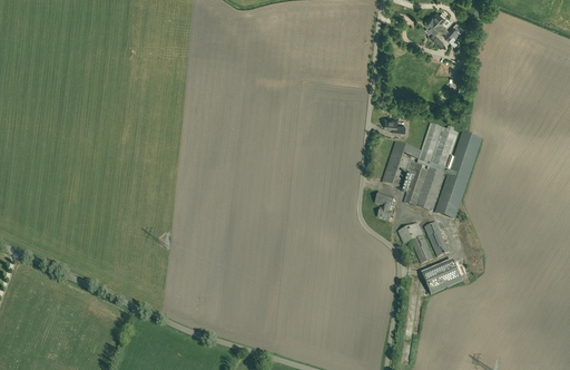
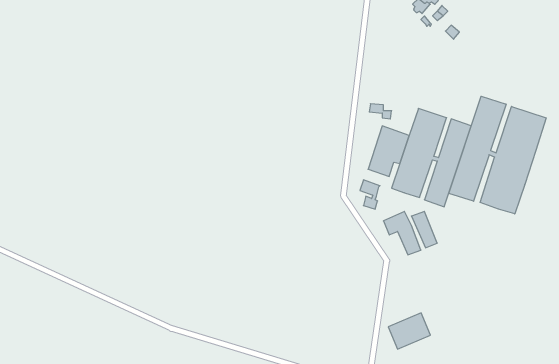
building: none -> [449,96,546,214]
building: [422,259,462,293] -> [388,313,430,349]

